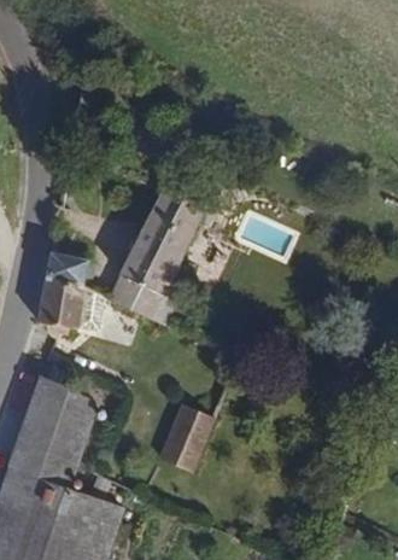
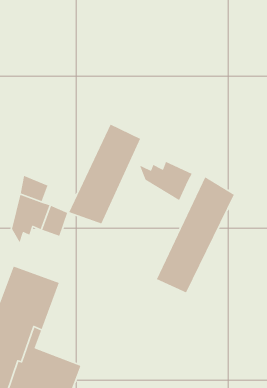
building: none -> [139,161,193,201]
building: none -> [156,176,235,294]
building: [160,407,213,476] -> none

